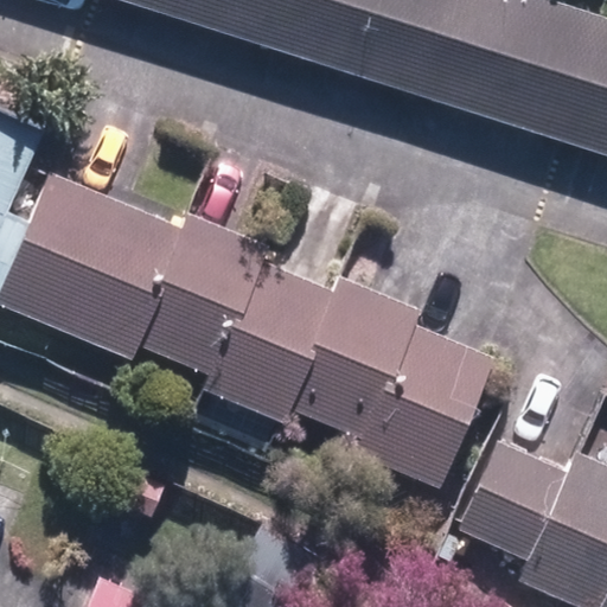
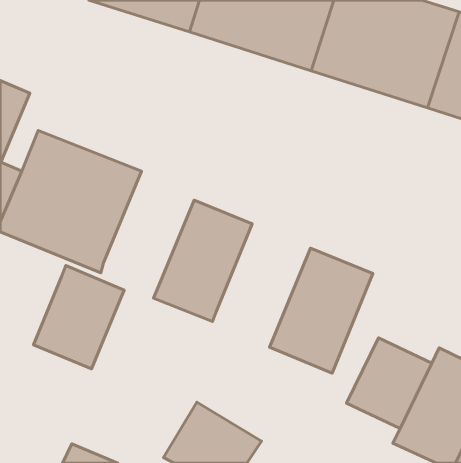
building: [139,216,263,373] -> none
building: [286,280,415,440] -> none
building: none -> [34,265,124,369]

